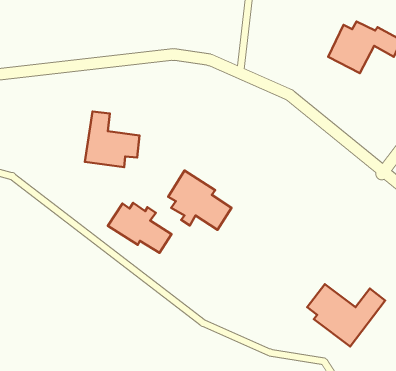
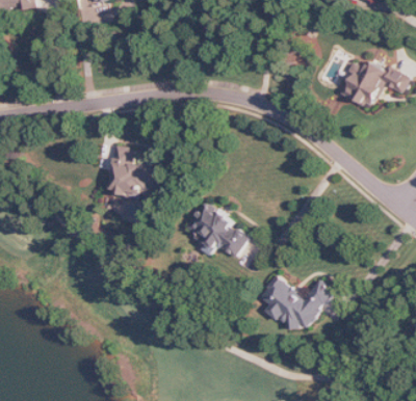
building: [108,203,172,253] -> none
building: [307,284,385,347] -> [259,274,333,333]

